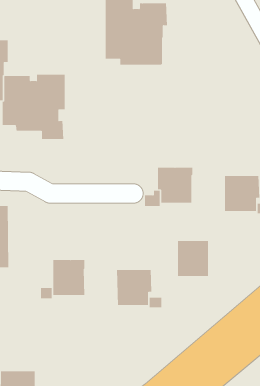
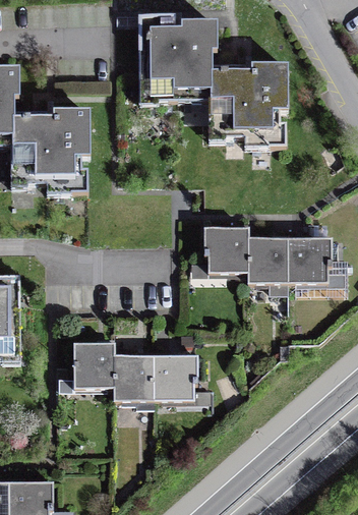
building: none -> [210,65,288,147]
building: [177,240,209,276] -> [248,238,288,283]
building: none -> [114,355,155,401]

